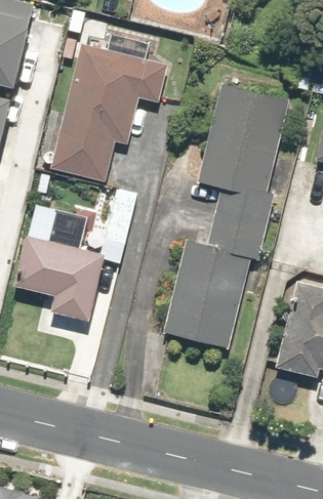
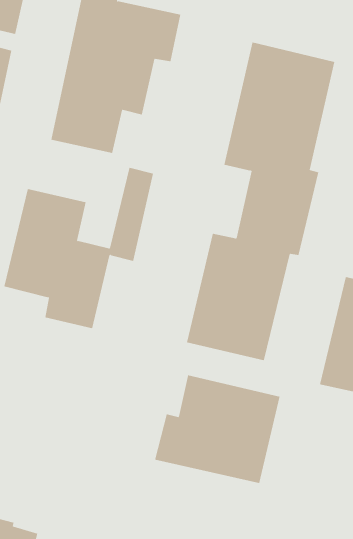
building: none -> [155,375,280,484]

